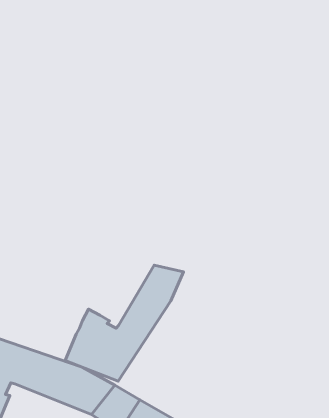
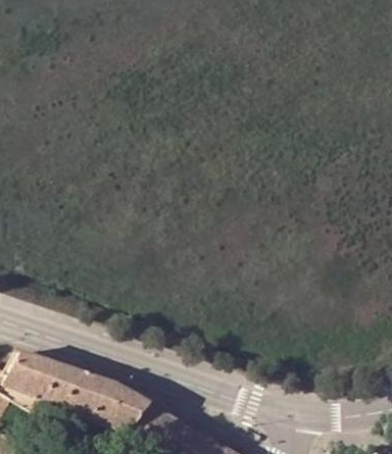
building: [65,265,184,381] -> none

